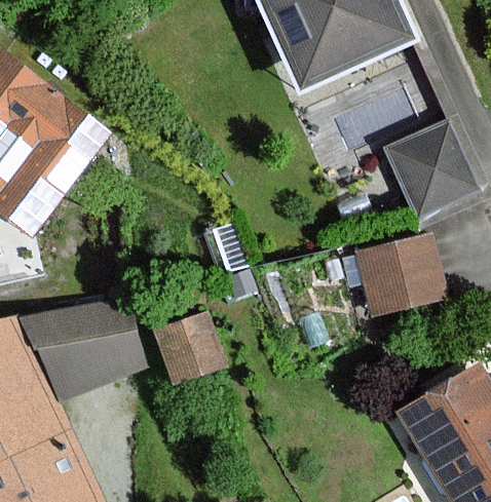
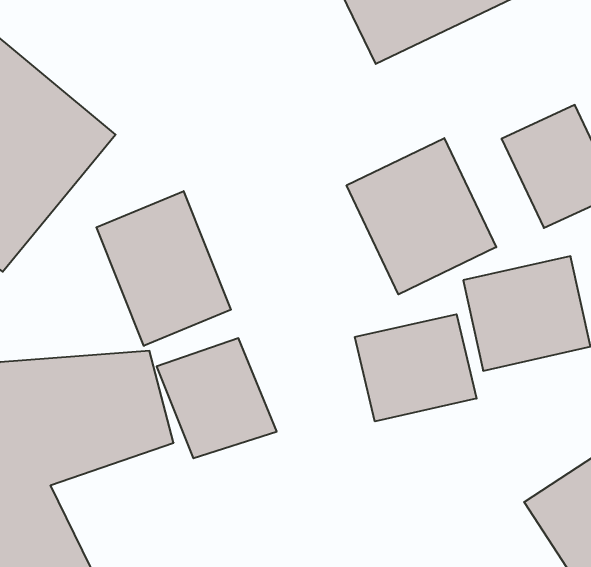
building: none -> [347,138,496,294]
building: none -> [96,191,231,346]
building: none -> [355,314,477,421]

